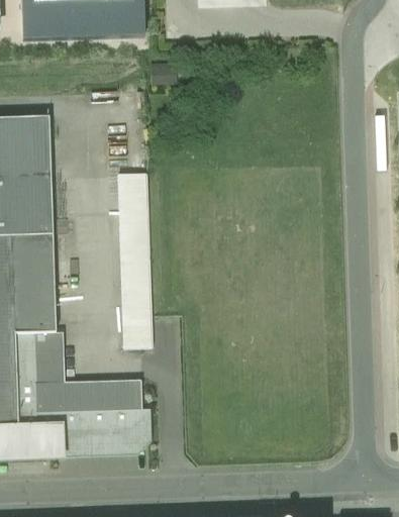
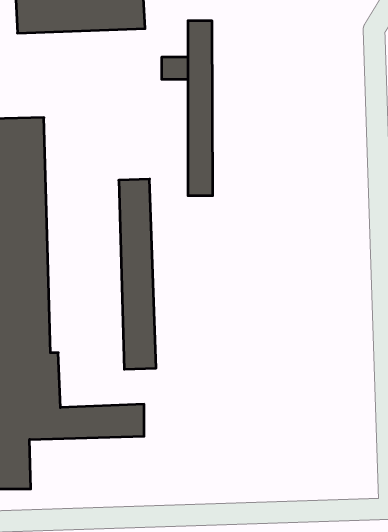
building: none -> [188,21,213,196]
building: [36,409,142,457] -> none

